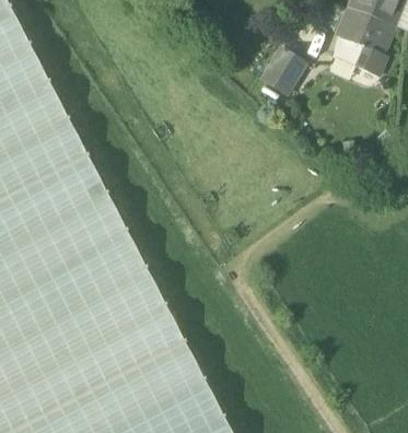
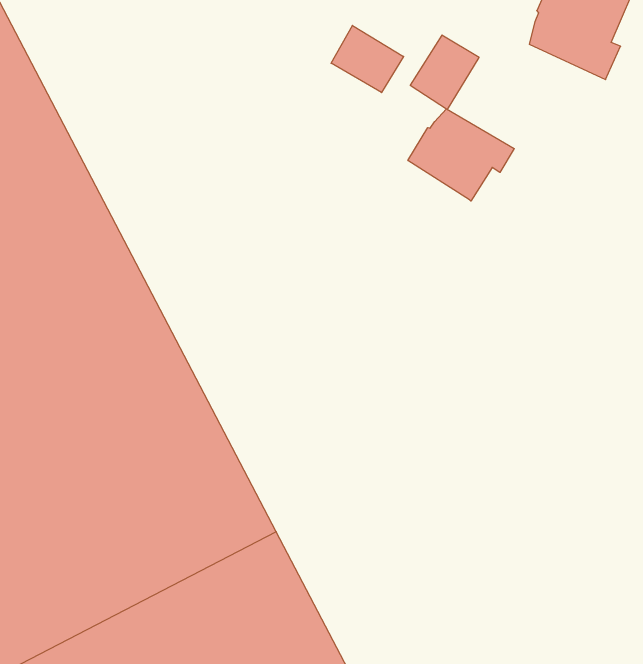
building: none -> [331,25,404,93]
building: none -> [408,109,514,201]

